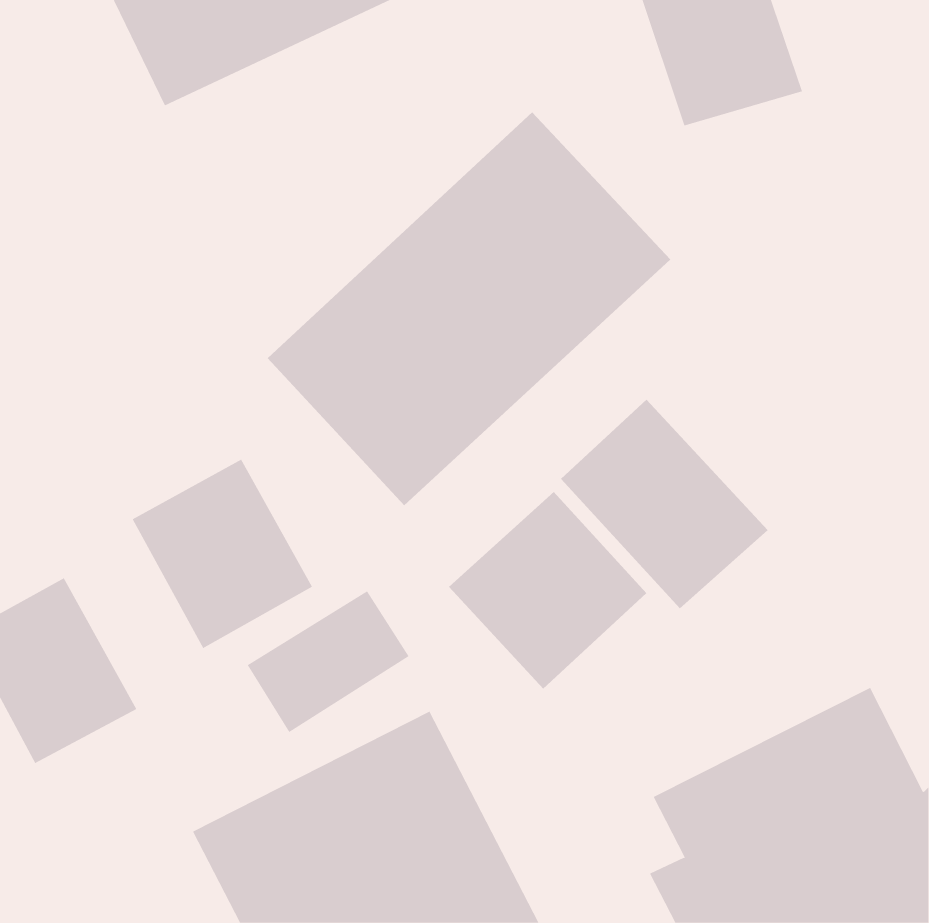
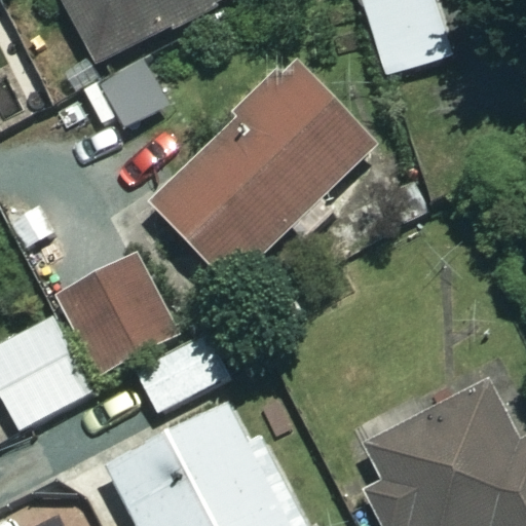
building: [560,399,768,609] -> none
building: [448,491,647,689] -> none

